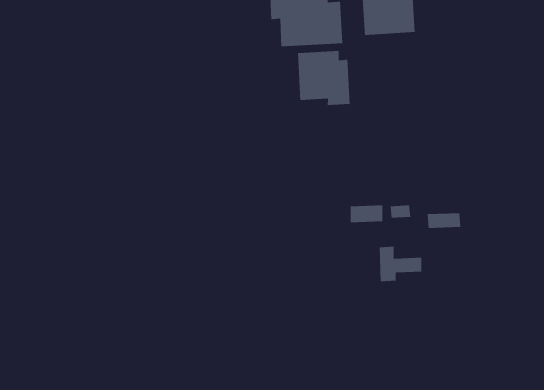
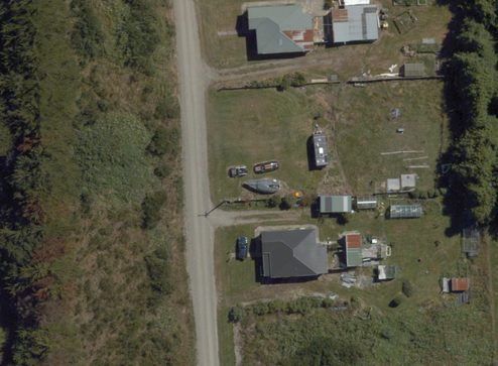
building: [297,50,350,106] -> none
building: none -> [260,228,328,278]

